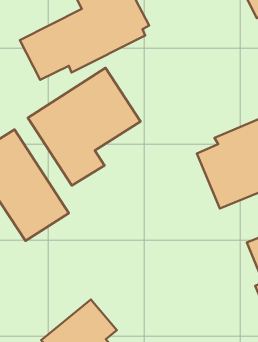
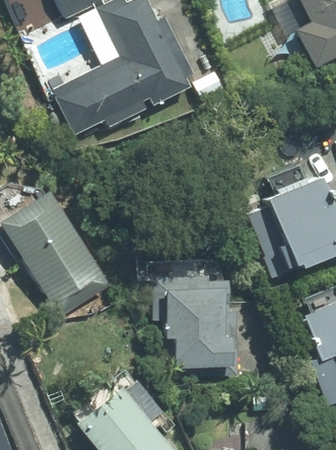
building: [28,68,140,186] -> none
building: none -> [152,277,239,377]

